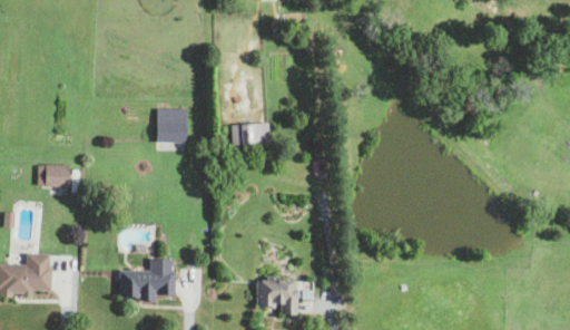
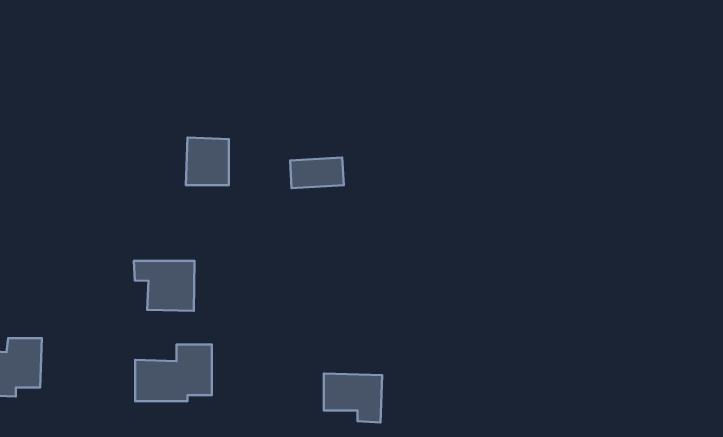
building: [38,164,70,187] -> none
building: none -> [134,261,194,311]

